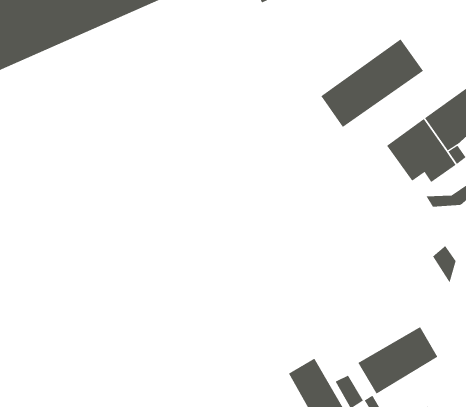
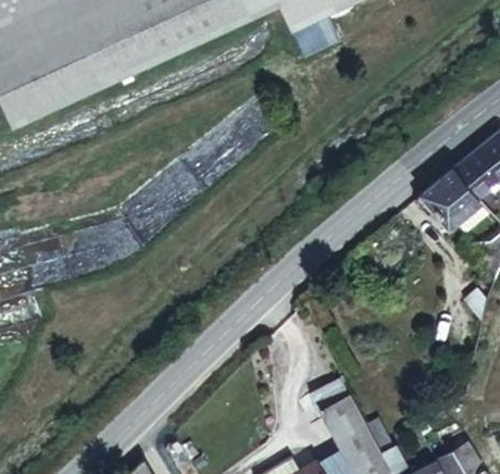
building: [321,39,424,128] -> none
building: [357,326,438,394] -> none

